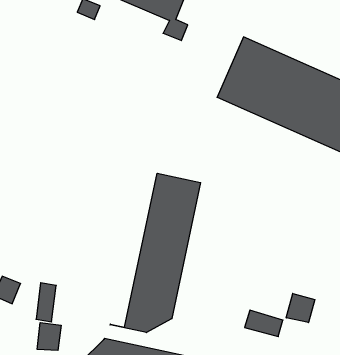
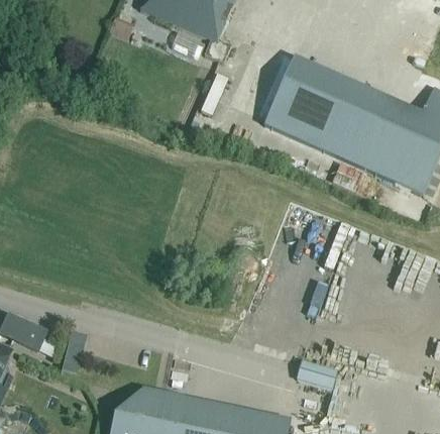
building: [110,173,201,333] -> none
building: [286,293,315,323] -> none
building: [37,323,61,350] -> none

